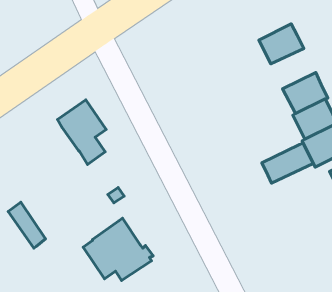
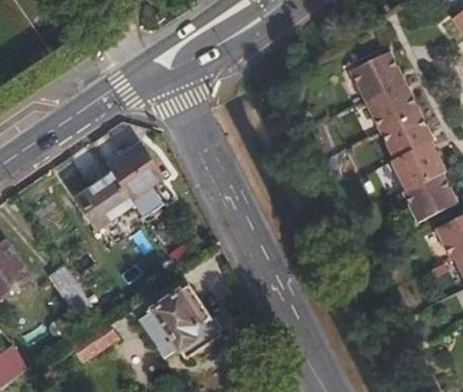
building: none -> [364,80,419,128]
building: none -> [77,174,134,230]
building: [262,143,313,183] -> none
building: none -> [72,320,118,361]

